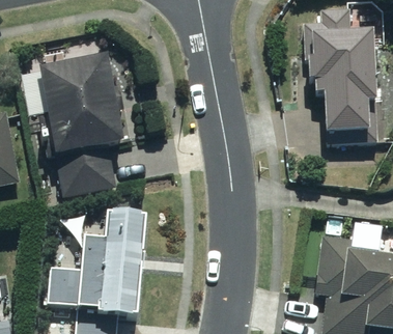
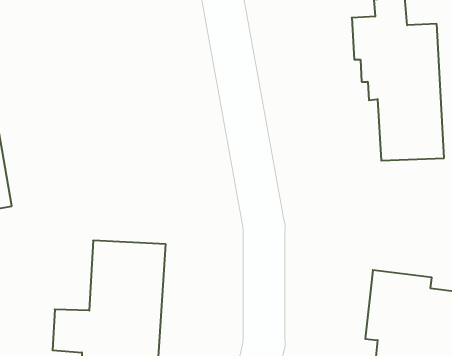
building: [40,54,125,195] -> none

